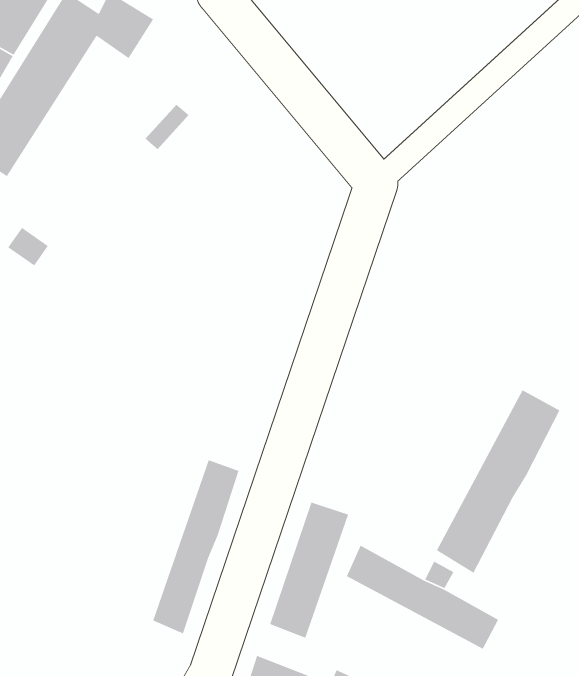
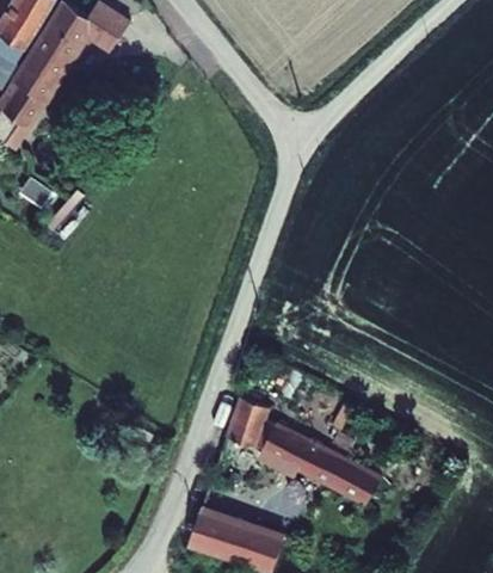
building: [436,389,560,574] -> none
building: [152,459,240,634] -> none

